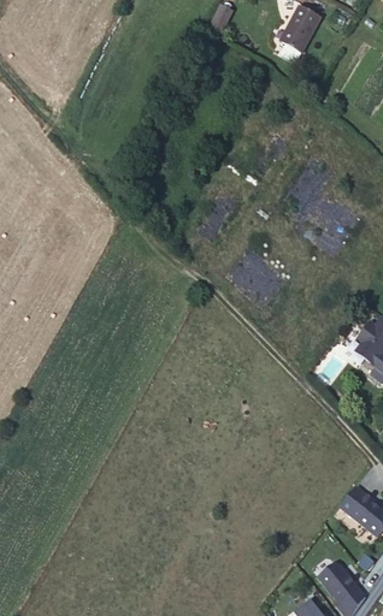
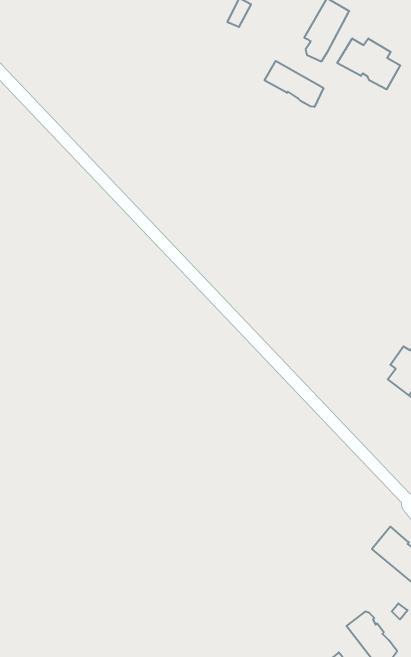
building: none -> [337,38,400,89]
building: none -> [265,61,323,107]

